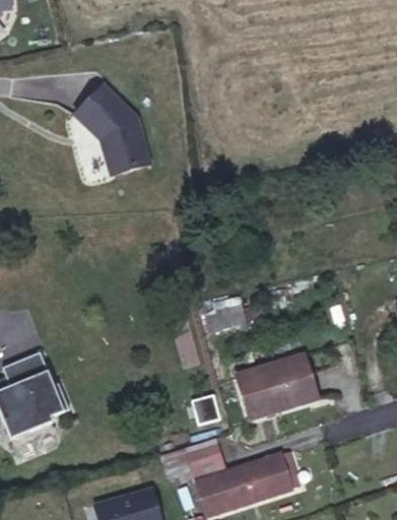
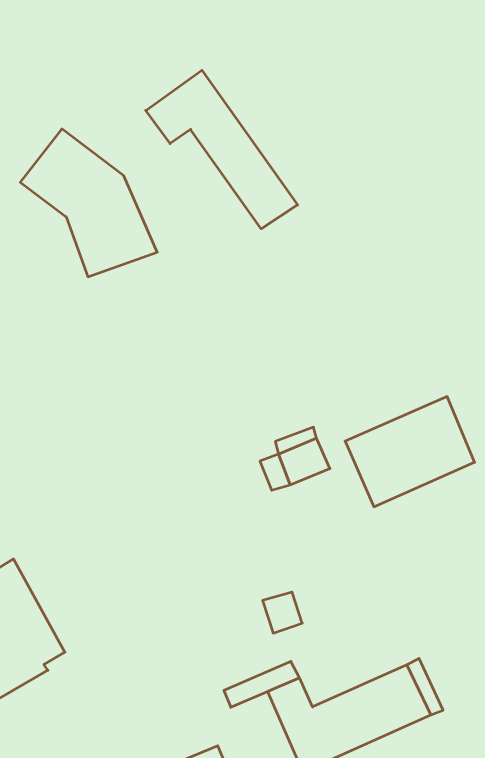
building: none -> [146,70,298,229]
building: [237,352,317,416] -> [345,397,475,507]

